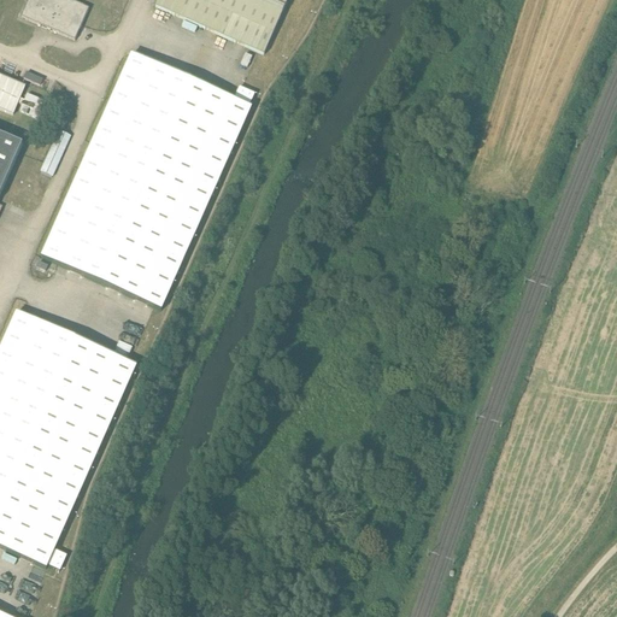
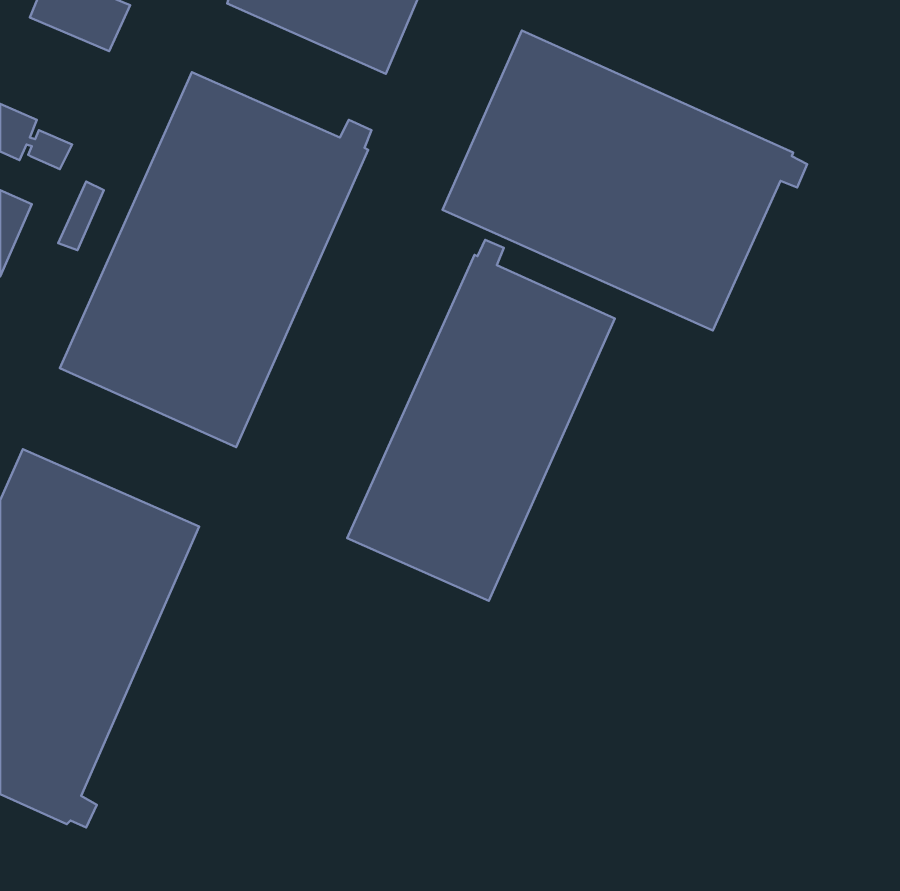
building: none -> [442,31,807,330]
building: none -> [347,240,615,601]

